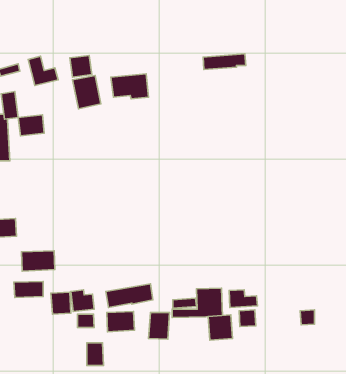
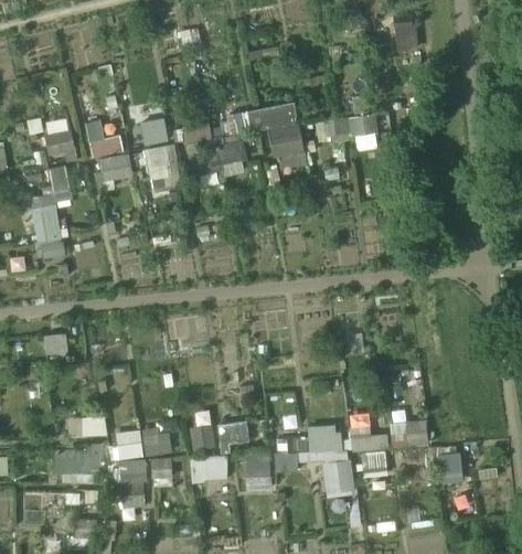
building: none -> [224,105,303,159]
building: [18,115,44,136] -> [99,156,134,183]
building: [21,251,55,271] -> [55,447,99,473]
building: none -> [394,420,429,447]
building: [87,343,103,366] -> [122,460,145,490]

